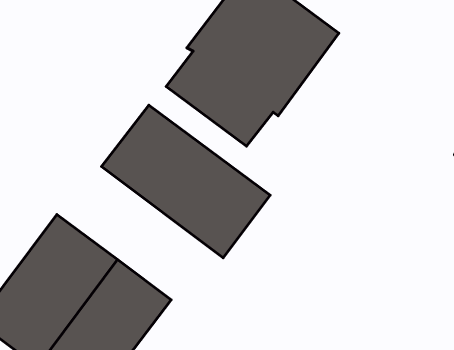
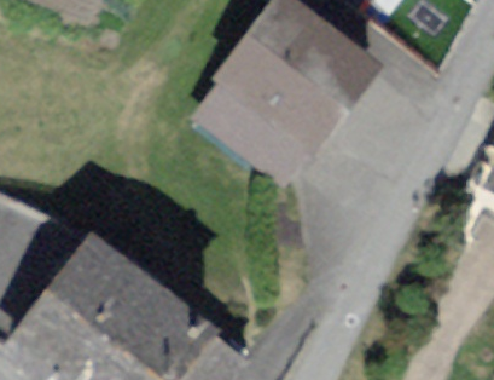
building: [101,105,270,258] -> none

